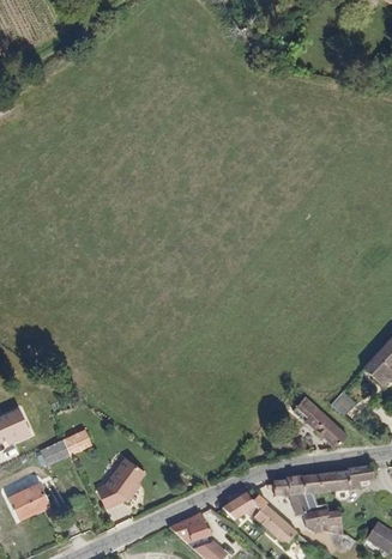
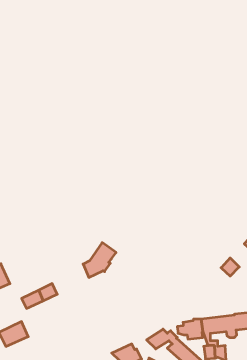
building: [295,396,349,449] -> none
building: [98,455,146,505] -> [83,243,116,277]

